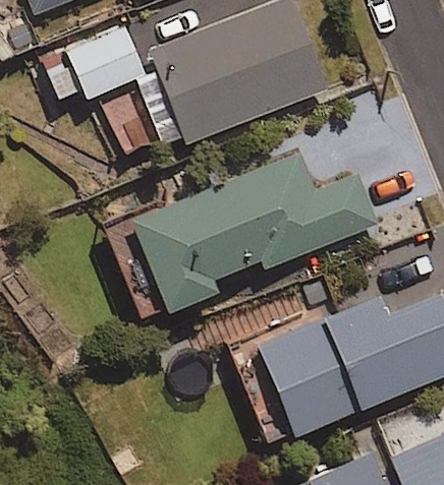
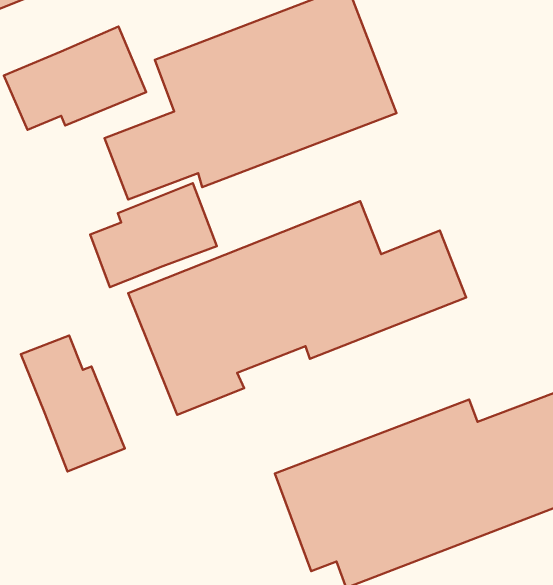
building: none -> [90,183,217,287]
building: none -> [21,336,125,471]

